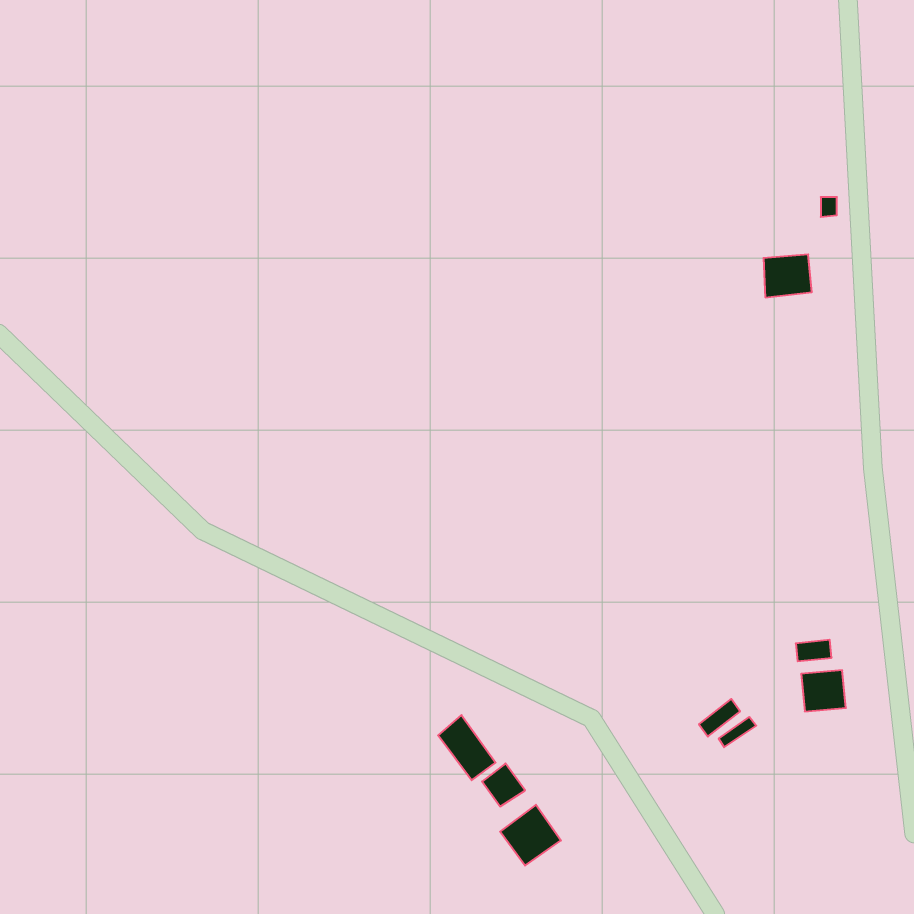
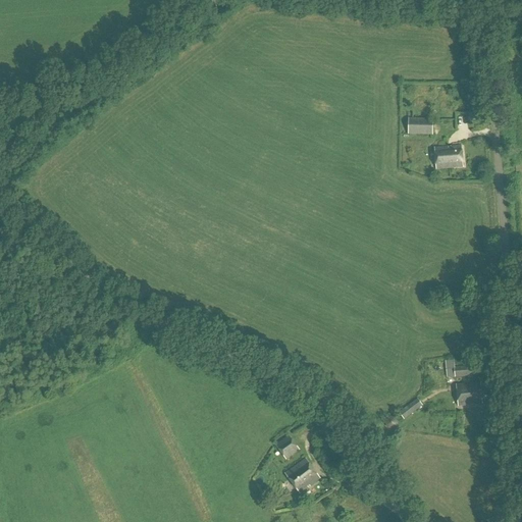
building: none -> [407,117,432,135]
building: [438,715,496,780] -> none

